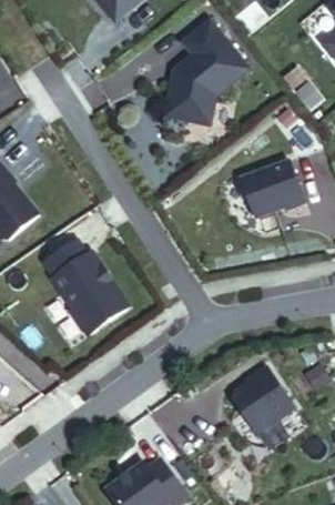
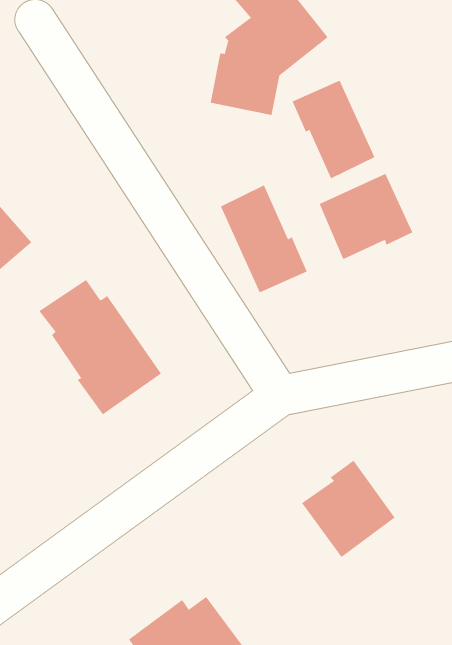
building: none -> [292,80,375,179]
building: none -> [220,184,307,293]

